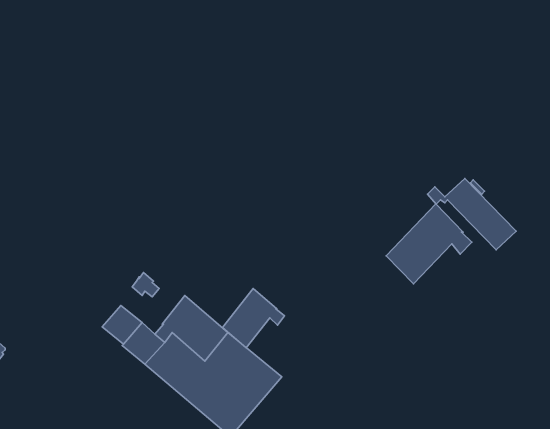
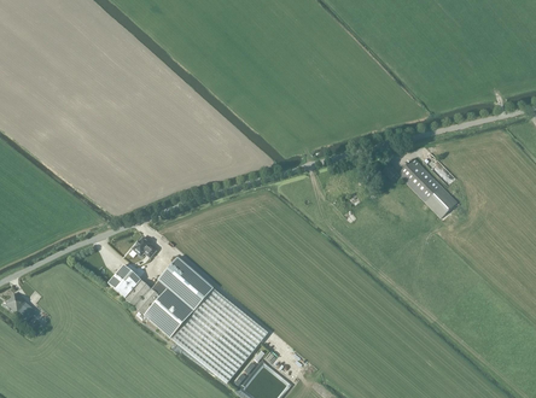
building: [386,204,472,284] -> none
building: [222,288,285,348] -> none

